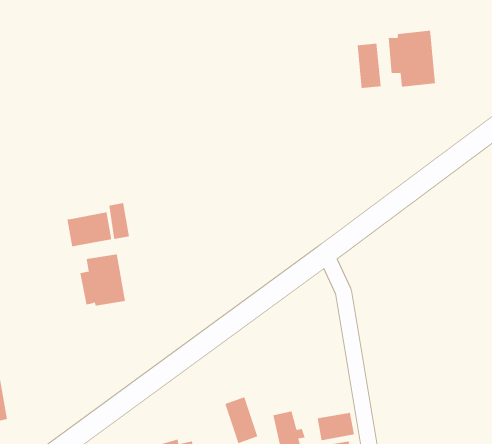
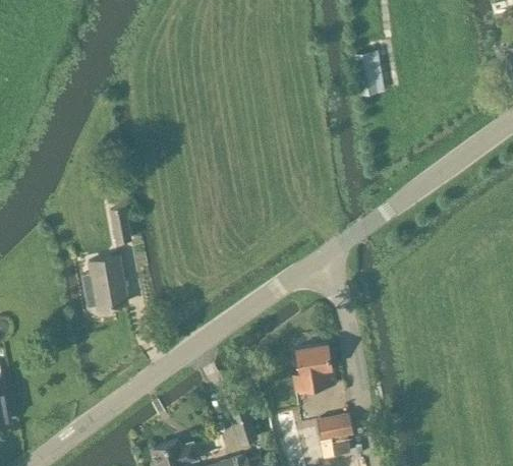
building: [388,30,436,88] -> none
building: [67,211,112,247] -> none
building: none -> [293,345,336,392]

